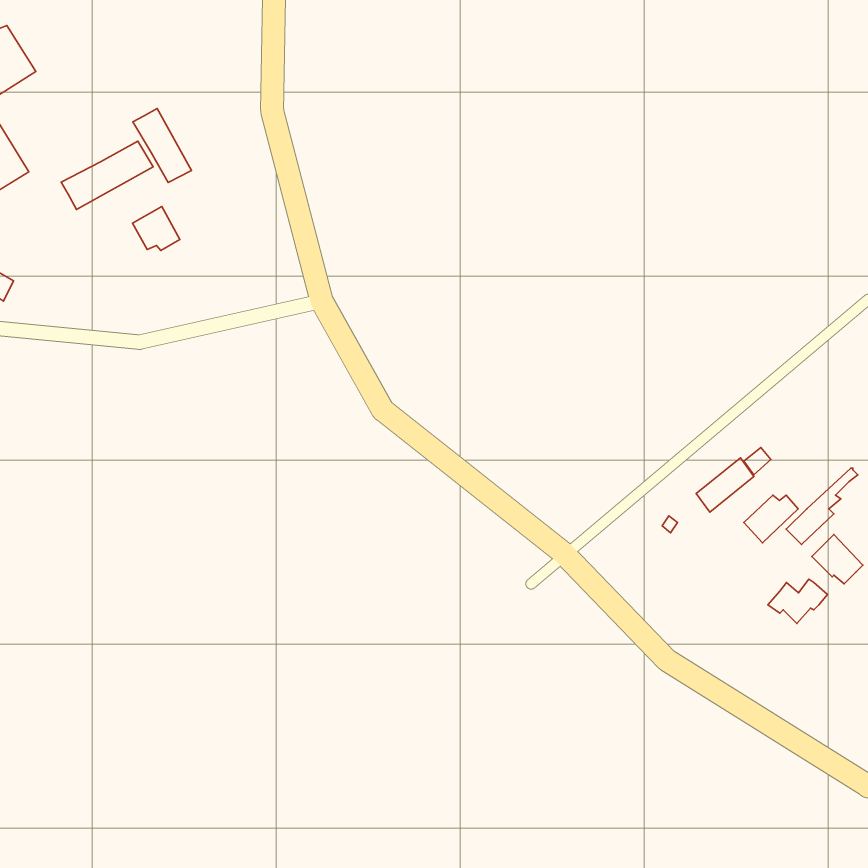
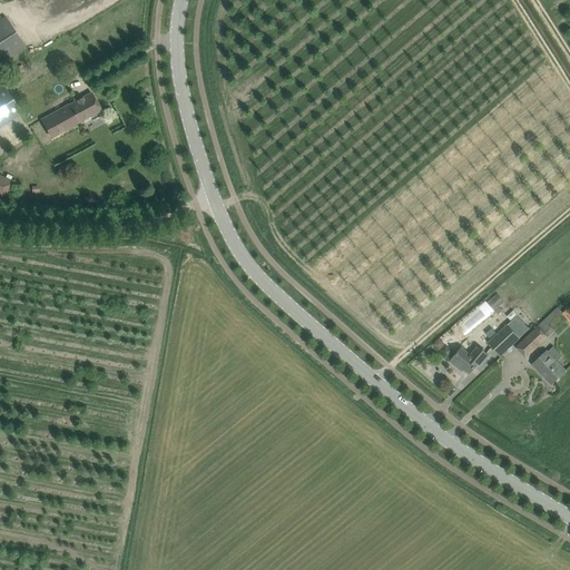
building: [133,109,192,183] -> none
building: [132,206,180,251] -> none
building: [768,579,827,623] -> [449,344,488,373]

